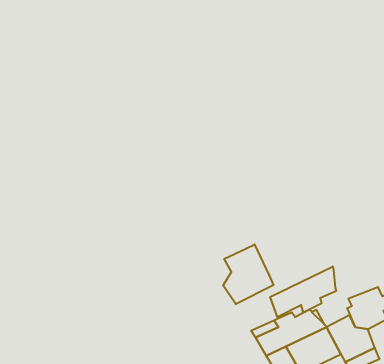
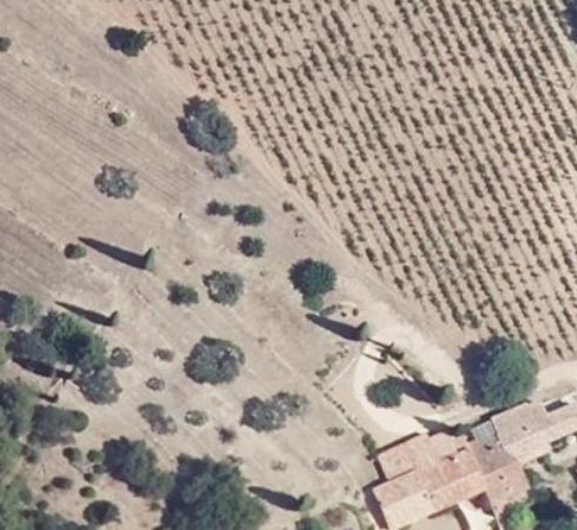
building: [223,244,274,304] -> none
building: [270,266,336,317] -> none

